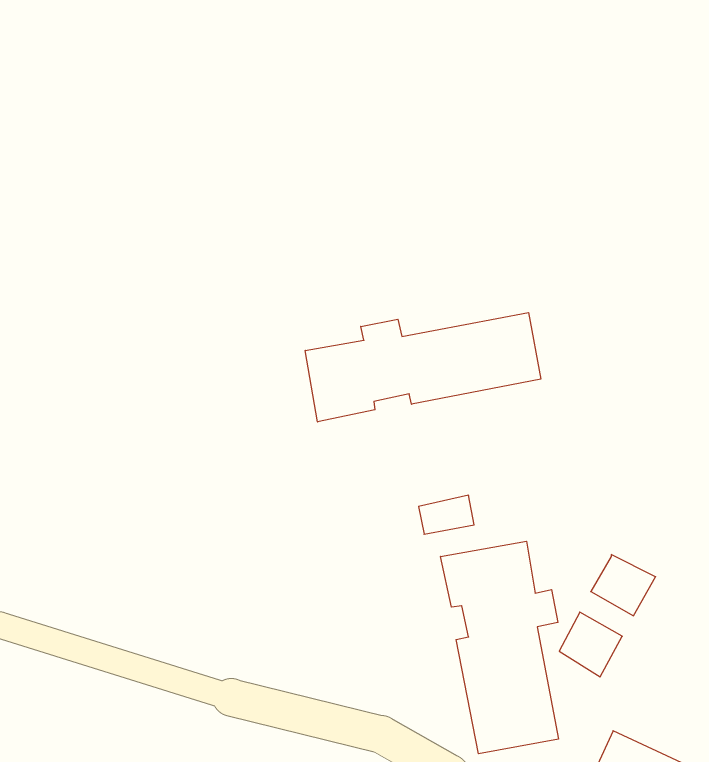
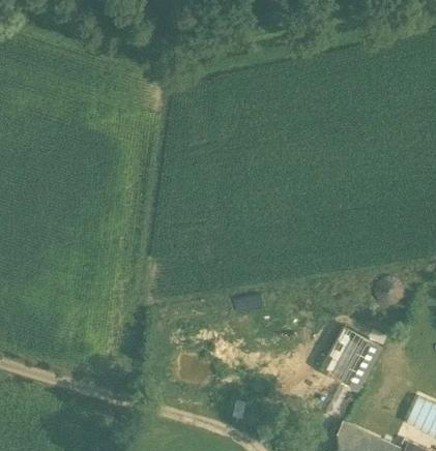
building: [305,313,541,422] -> none
building: [441,541,558,754] -> none

